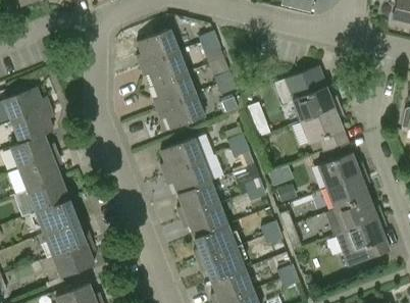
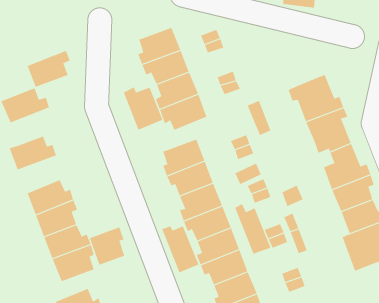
building: none -> [123,87,163,131]
building: [11,107,54,144] -> [27,50,71,88]
building: [18,154,61,191] -> none
building: none -> [235,203,271,254]
building: none -> [162,225,199,273]
building: none -> [89,226,125,266]

